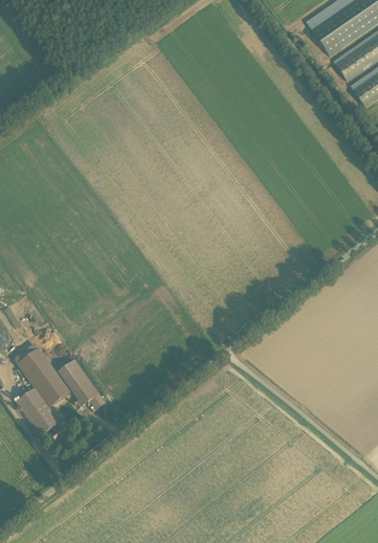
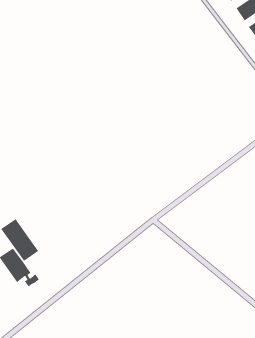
building: [58,358,99,406] -> none

